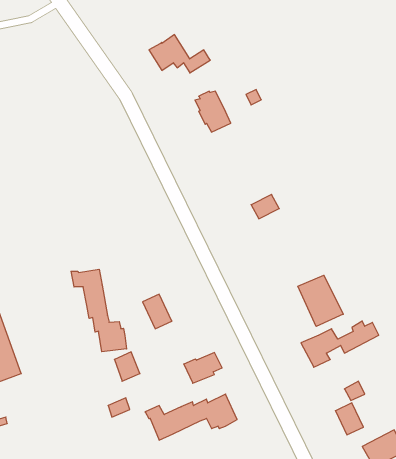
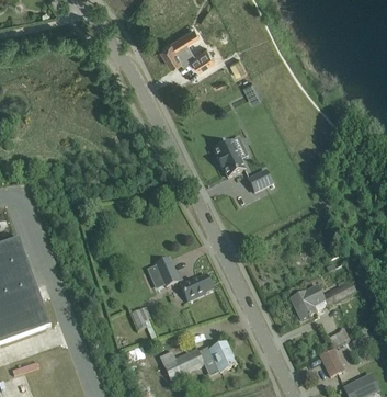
building: [195,91,231,132] -> [213,139,243,174]
building: [71,269,127,352] -> none
building: [298,275,343,326] -> none
building: [184,353,222,383] -> [179,273,212,299]

